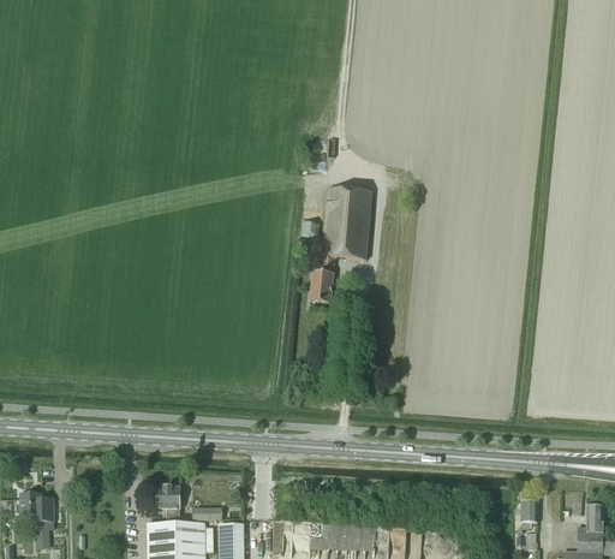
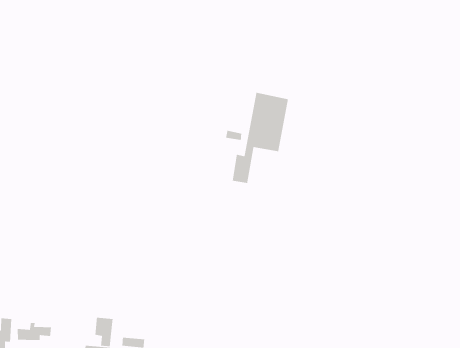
building: none -> [17,322,52,341]

